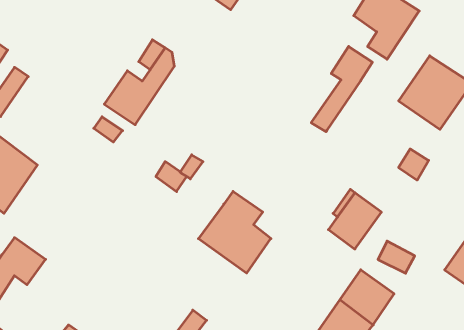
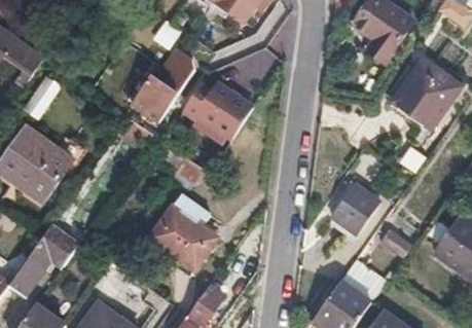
building: [311,46,372,132] -> none
building: none -> [183,83,253,138]
building: [198,191,271,273] -> [151,195,216,268]

